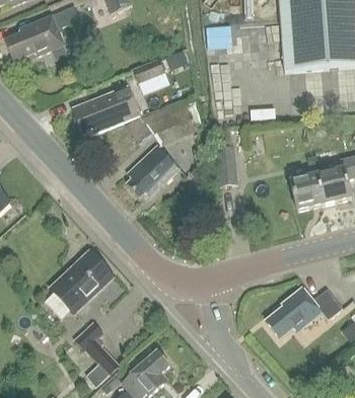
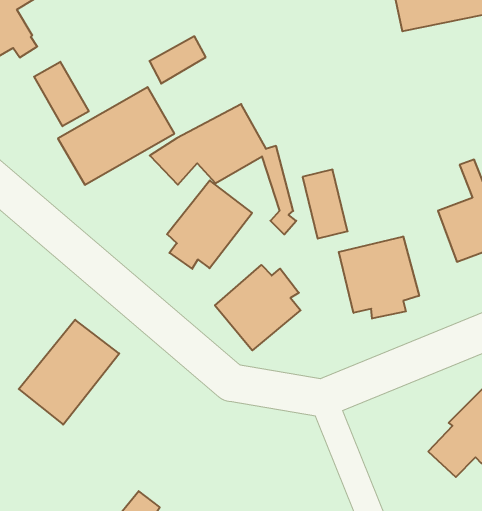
building: none -> [34,62,89,126]
building: none -> [339,236,419,319]
building: none -> [215,265,301,350]
building: [51,251,113,312] -> [19,320,119,425]

